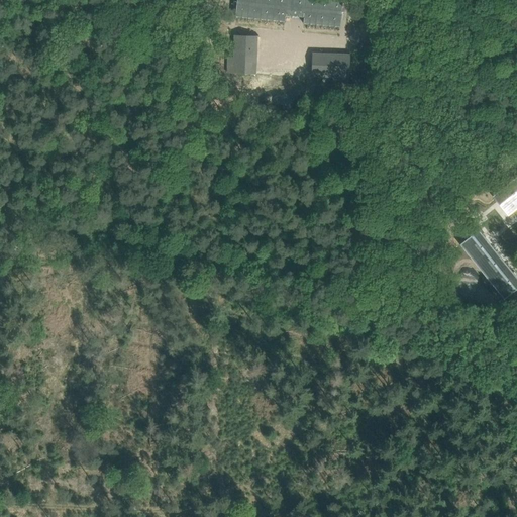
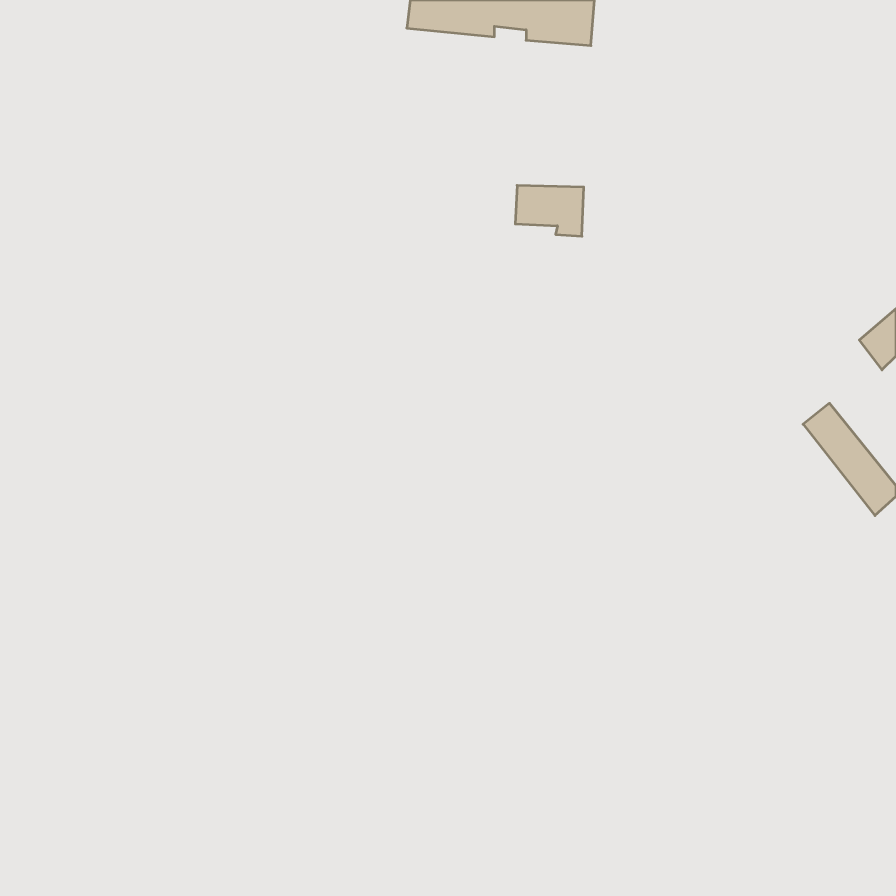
building: [227,34,257,74] -> none
building: [310,51,349,81] -> [515,185,584,236]

